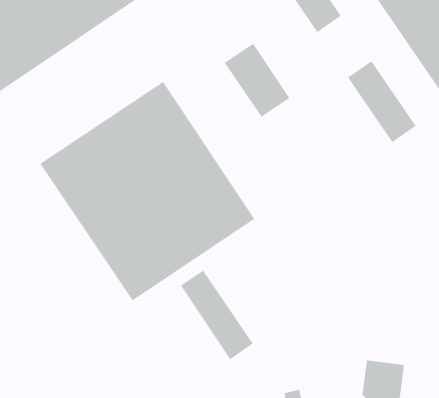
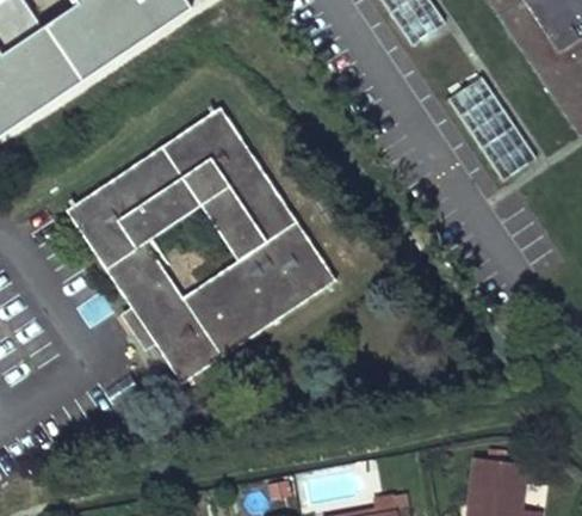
building: [224,43,290,117] -> none
building: [180,270,254,360] -> none

